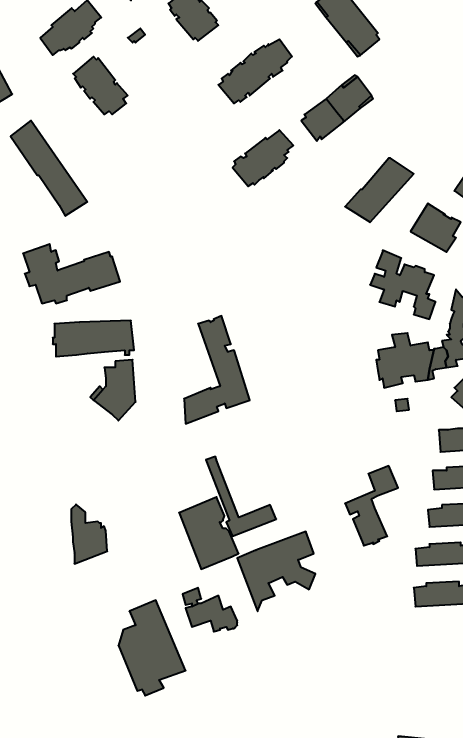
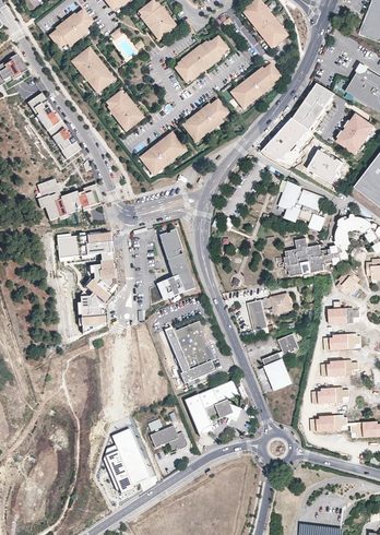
building: none -> [294,84,335,131]
building: none -> [106,92,141,130]
building: none -> [140,135,181,175]
building: none -> [248,295,292,331]
building: [179,497,239,569] -> [173,320,214,370]
building: [71,504,107,564] -> [81,292,106,333]

